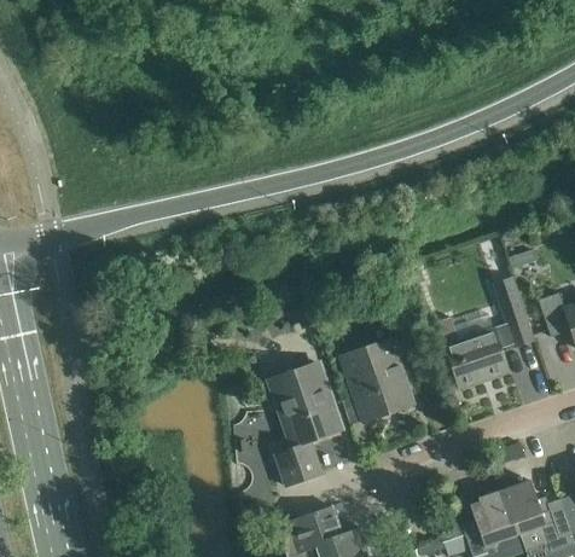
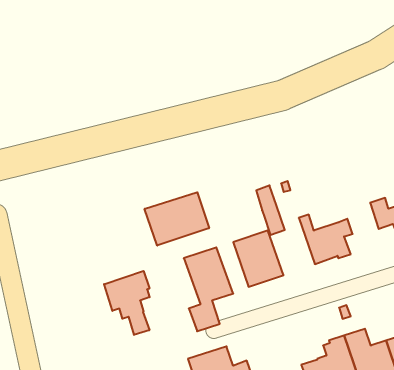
building: [494,277,535,348] -> [256,185,285,235]
building: none -> [145,192,209,246]
building: none -> [104,271,150,335]

